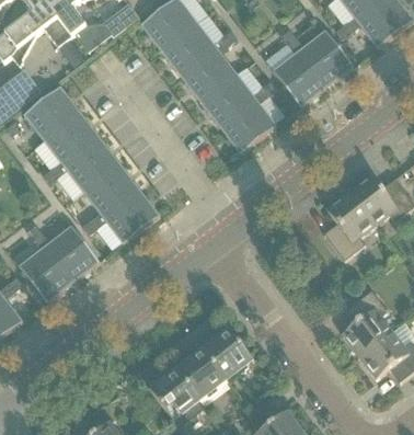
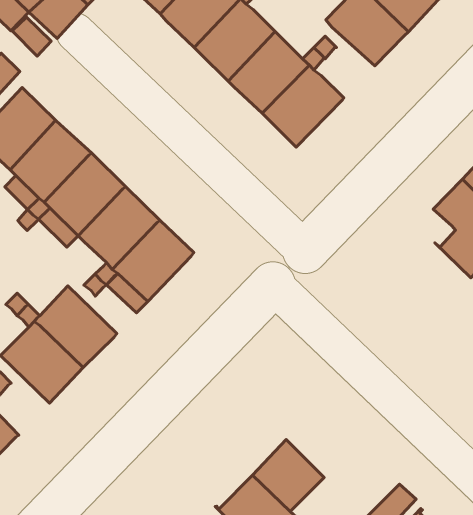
building: [203,328,253,379] -> none

